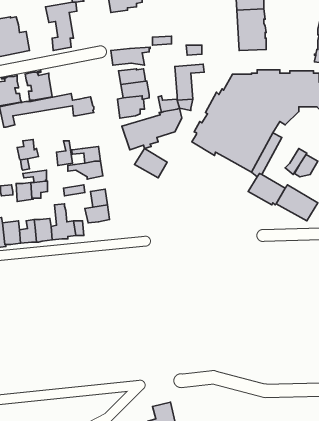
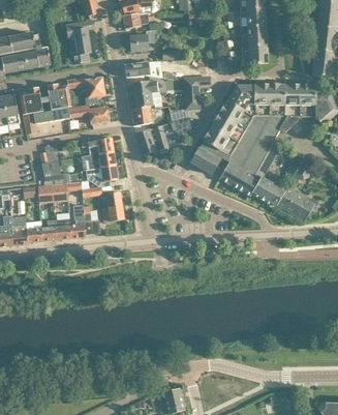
building: none -> [130,30,158,52]
building: none -> [67,78,105,98]
building: none -> [82,138,114,155]
building: [134,149,167,178] -> [190,148,220,175]
building: none -> [219,161,259,196]

